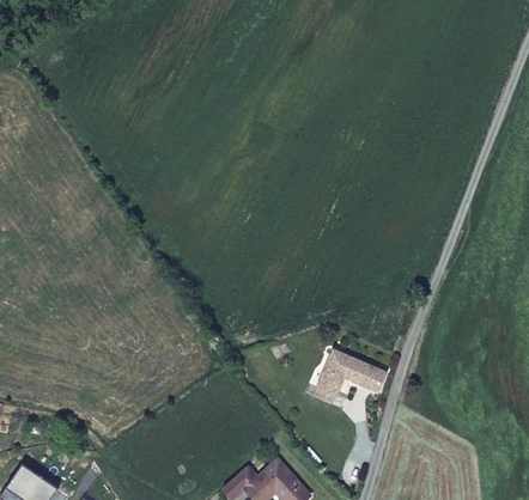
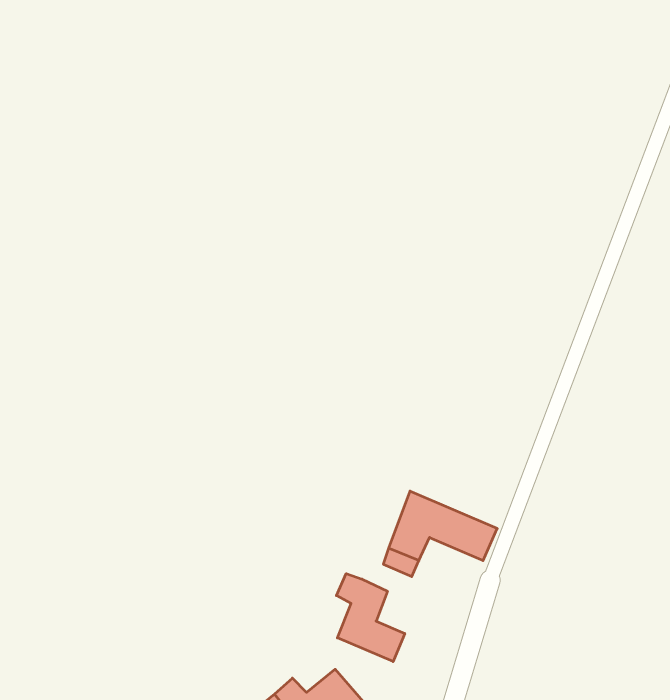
building: none -> [336,574,405,662]

